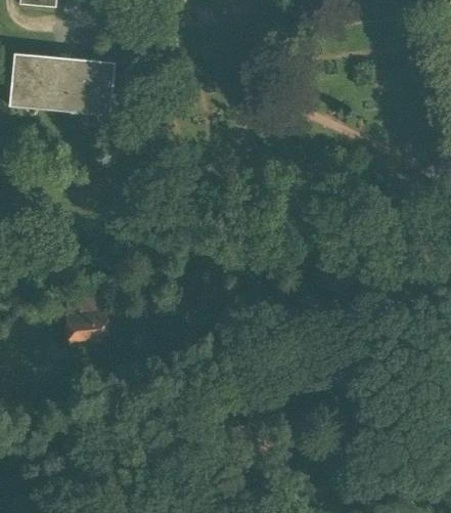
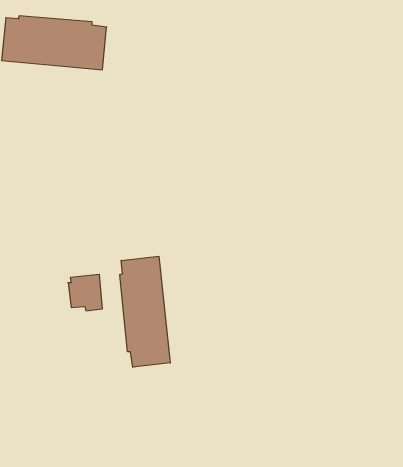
building: none -> [120,256,170,367]

